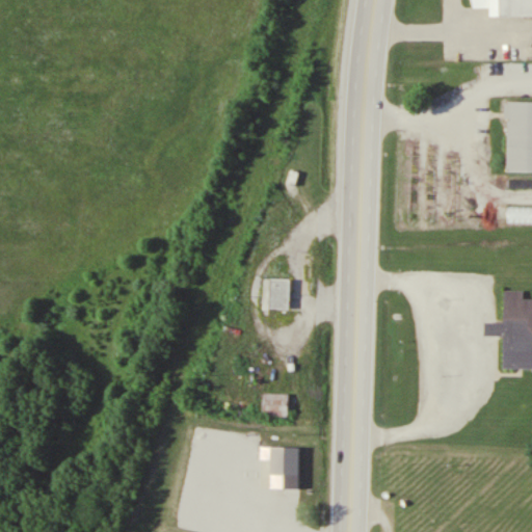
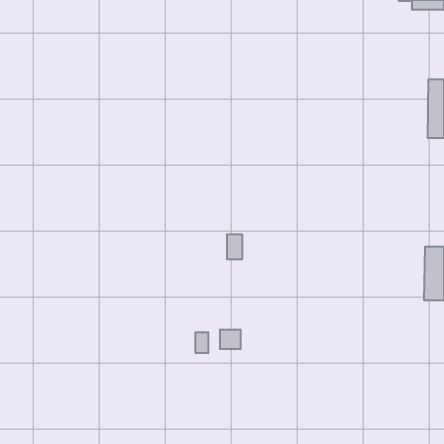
building: none -> [196,332,208,353]
building: [270,449,298,477] -> none

